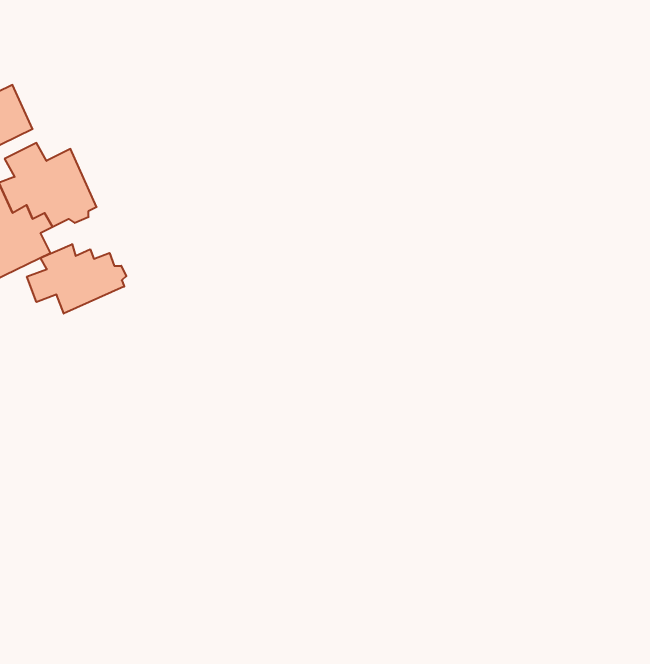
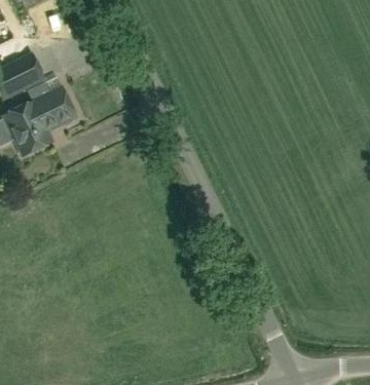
building: [27,244,126,314] -> none

